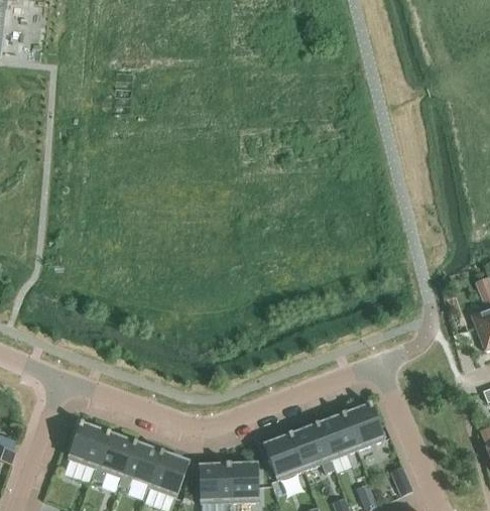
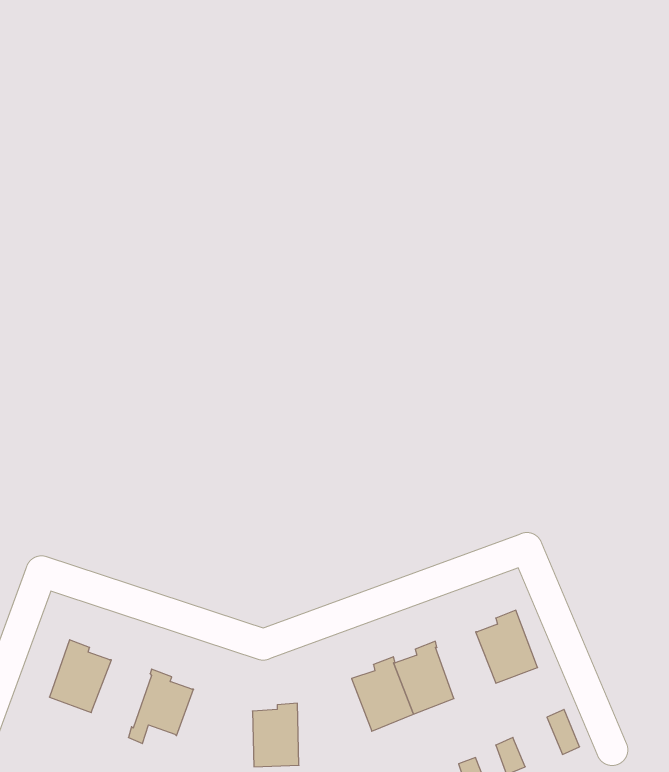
building: [319,411,358,459] -> none
building: [95,430,134,478] -> none
building: [148,450,189,497] -> none
building: [229,462,259,502] -> none

